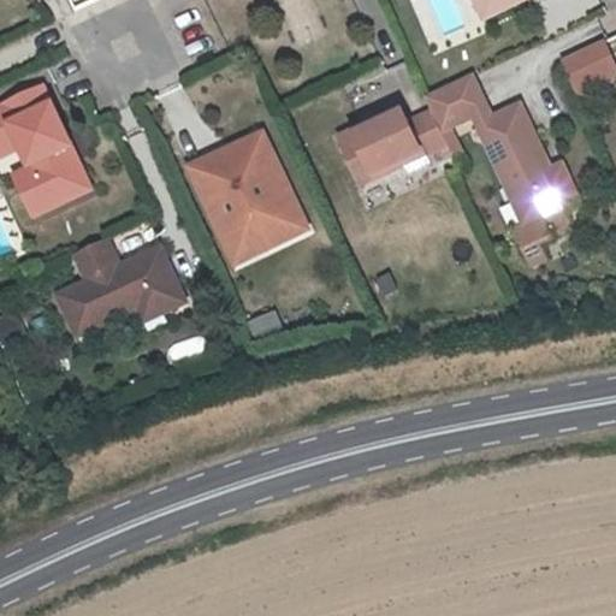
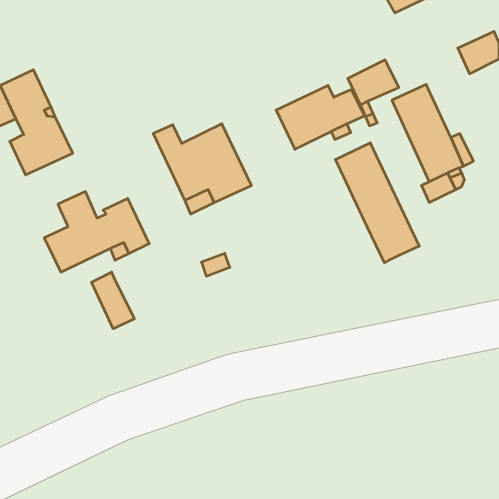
building: [212,131,272,176] -> none
building: none -> [335,143,419,263]
building: none -> [92,272,134,329]

